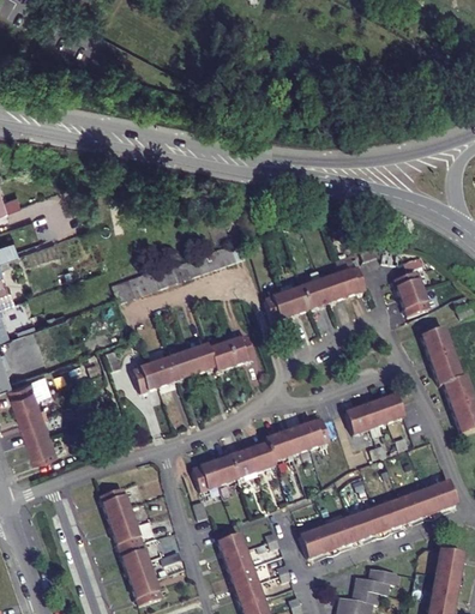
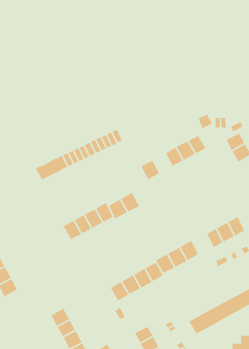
building: [282,283,311,315] -> none

